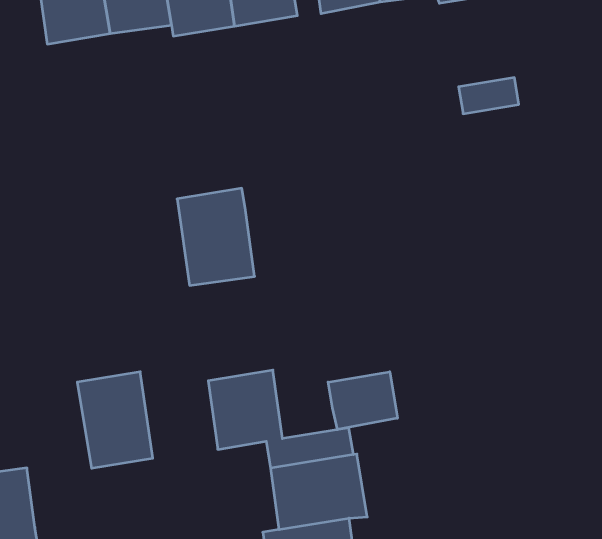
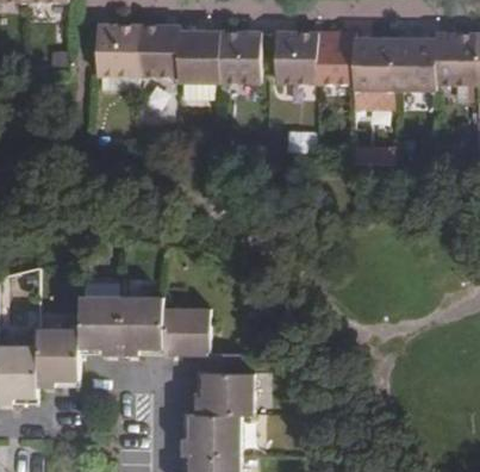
building: [177,188,255,285] -> [120,296,164,354]
building: [328,372,397,430] -> none
building: none -> [37,328,80,385]

